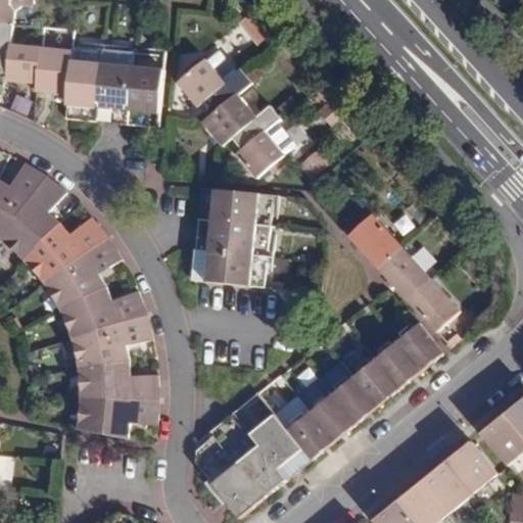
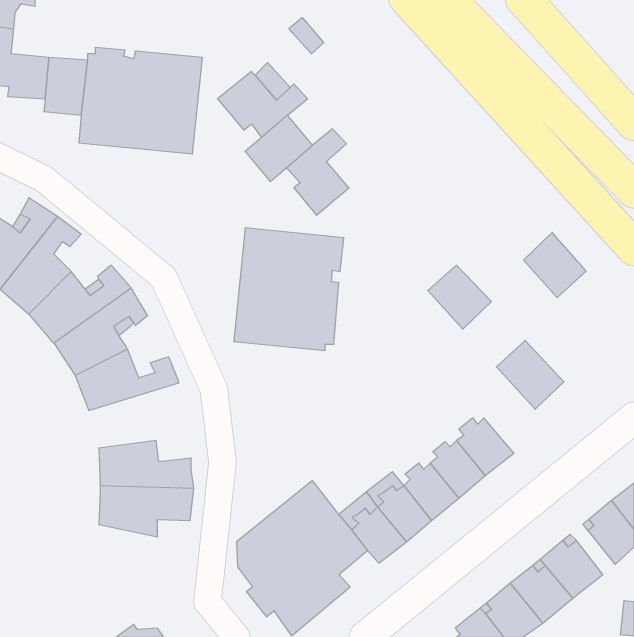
building: [378,246,429,299] -> [524,232,586,298]
building: [73,313,151,366] -> none
building: [395,323,442,370] -> none

